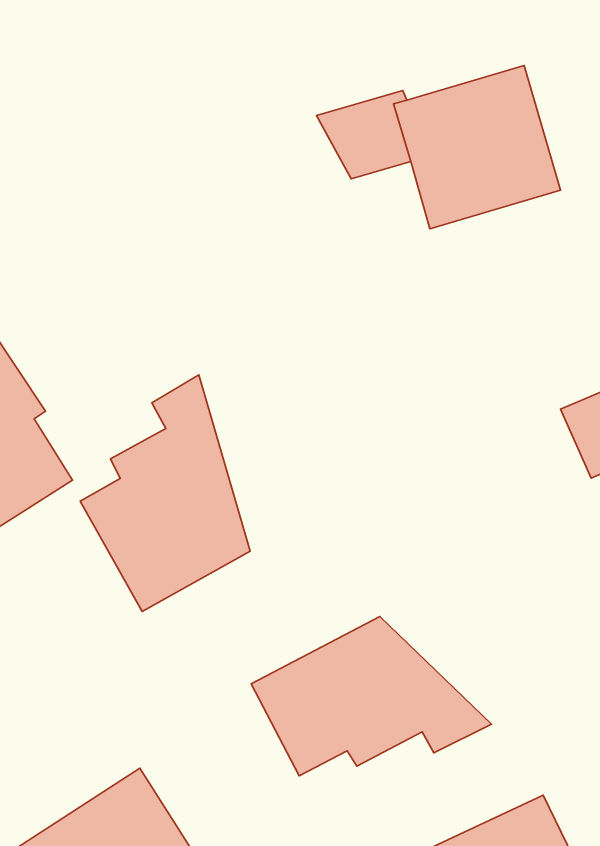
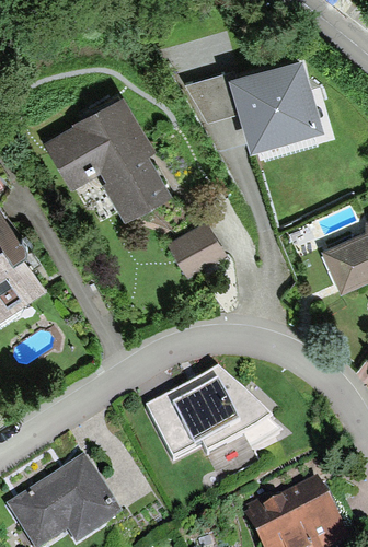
building: none -> [43,97,169,218]
building: none -> [164,219,225,276]
building: [80,375,250,611] -> none

